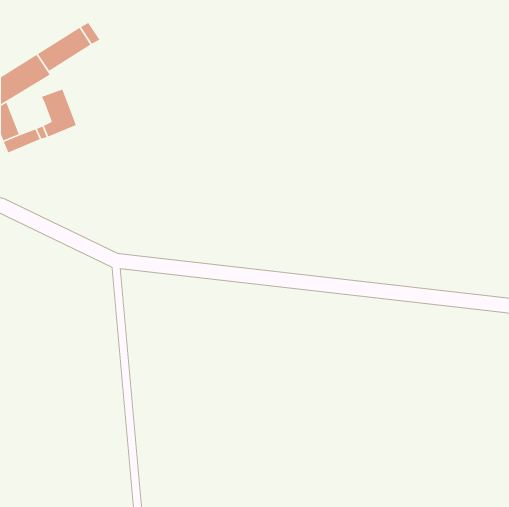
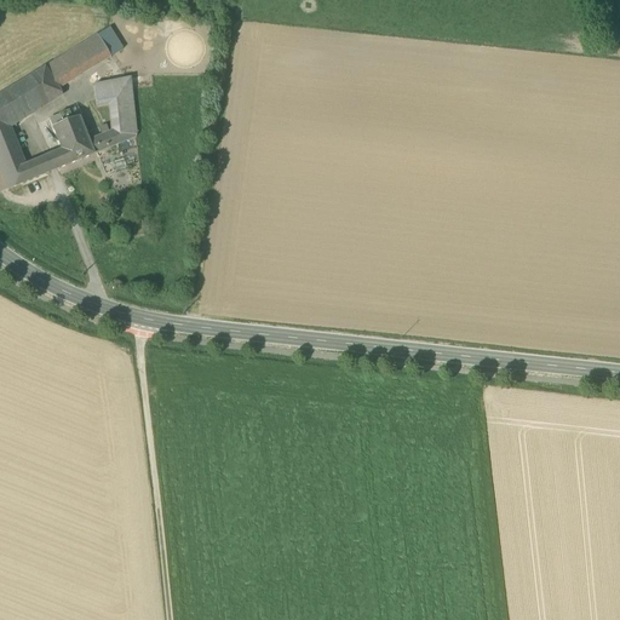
building: none -> [88,76,137,153]

